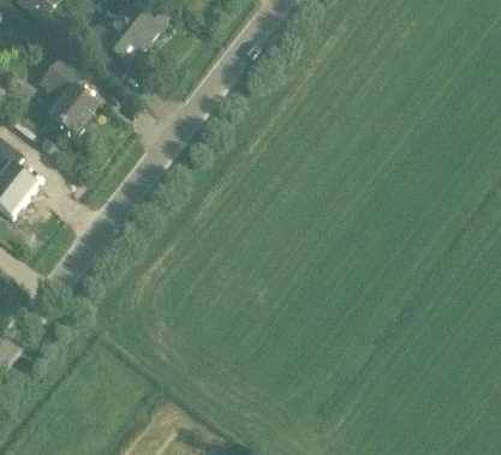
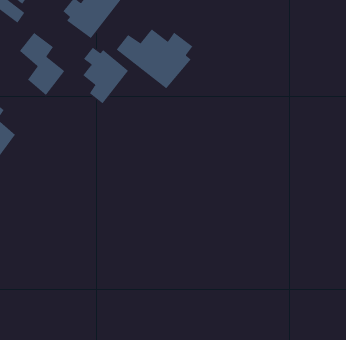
building: none -> [116,28,193,89]
building: none -> [83,47,129,104]

